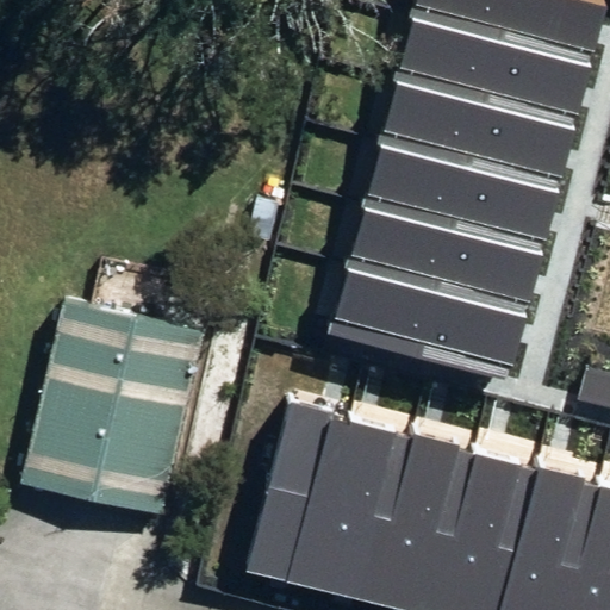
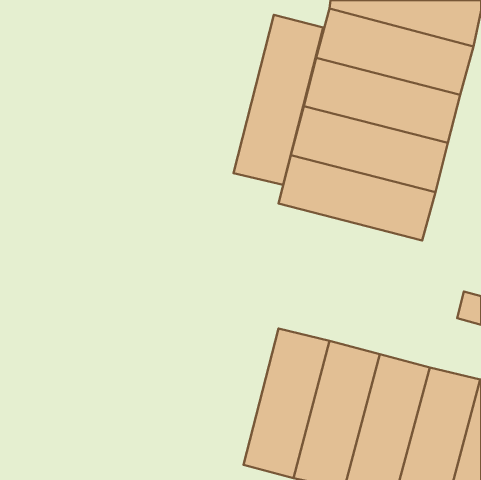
building: none -> [234,15,323,185]
building: [335,261,531,369] -> none
building: [18,295,208,513] -> none
building: [243,402,350,590] -> none

